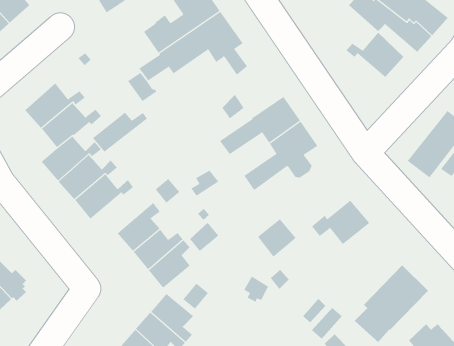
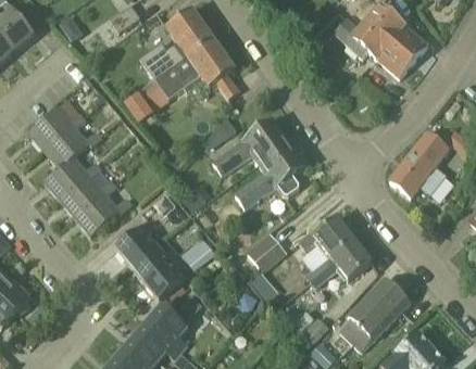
building: [346,32,404,78] -> none
building: [92,112,148,152] -> none
building: none -> [306,239,372,287]

